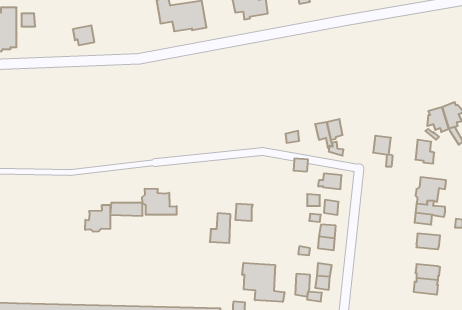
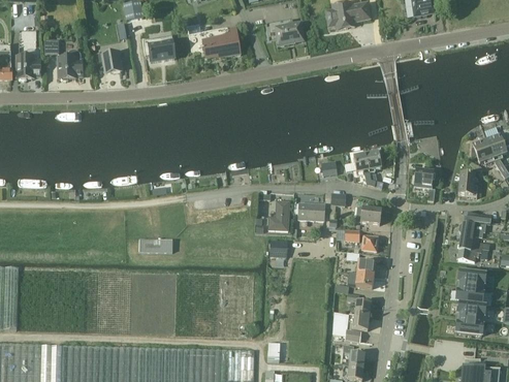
building: none -> [142,34,174,61]
building: none -> [59,50,83,79]
building: none -> [298,202,325,220]
building: [142,189,177,215] -> none
building: [85,205,110,232] -> none
building: [210,213,230,243] -> [267,200,289,231]
building: none -> [456,285,482,305]
building: [242,263,284,302] -> none

